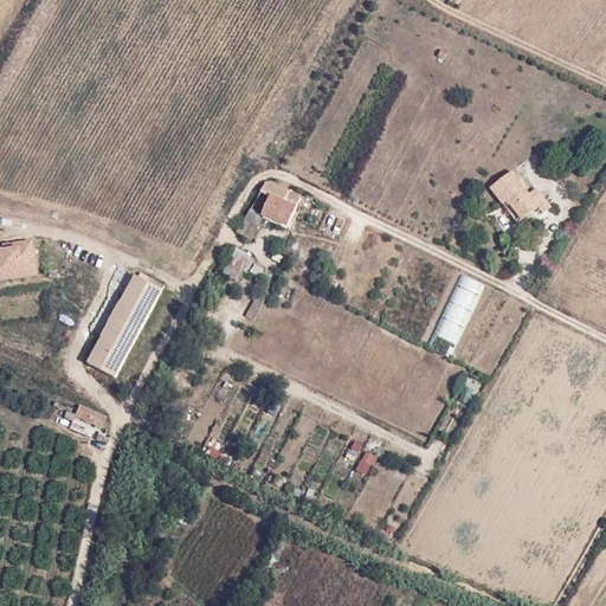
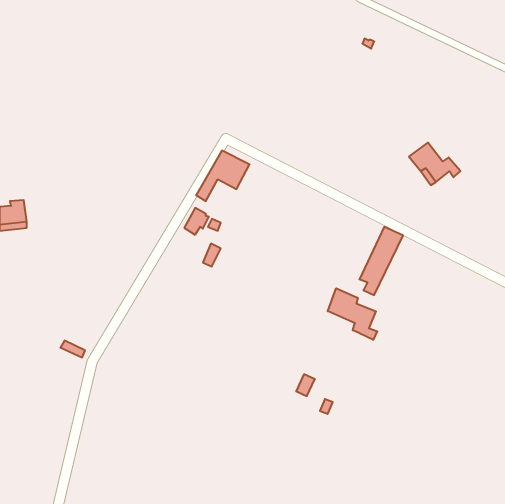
building: [86,273,161,375] -> none
building: none -> [328,288,377,340]

